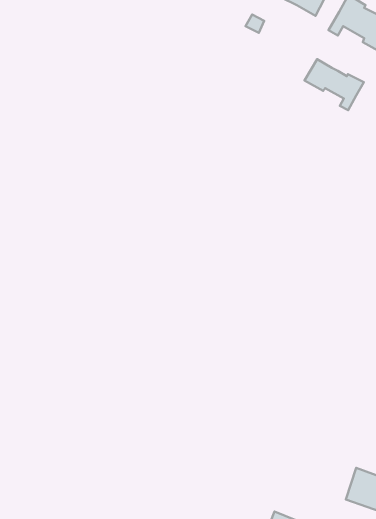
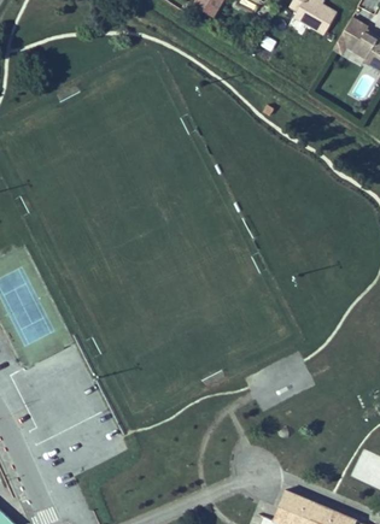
building: [304,59,364,110] -> none

